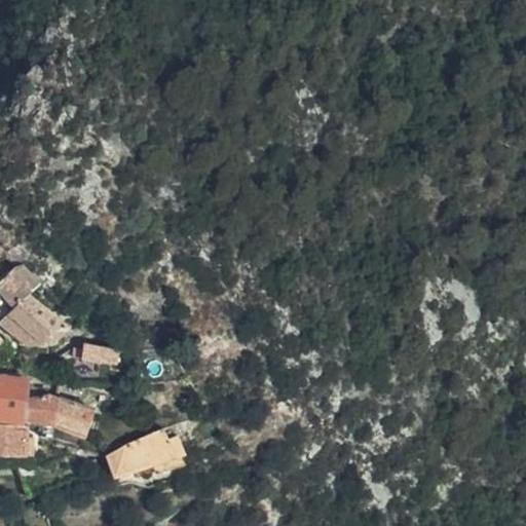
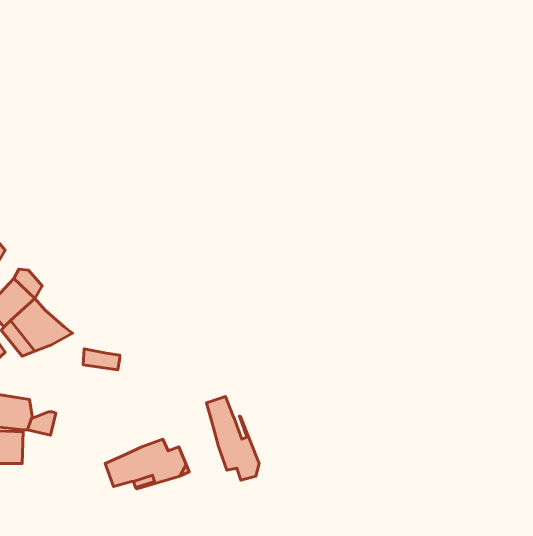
building: none -> [207,397,259,480]
building: [49,405,90,438] -> none

